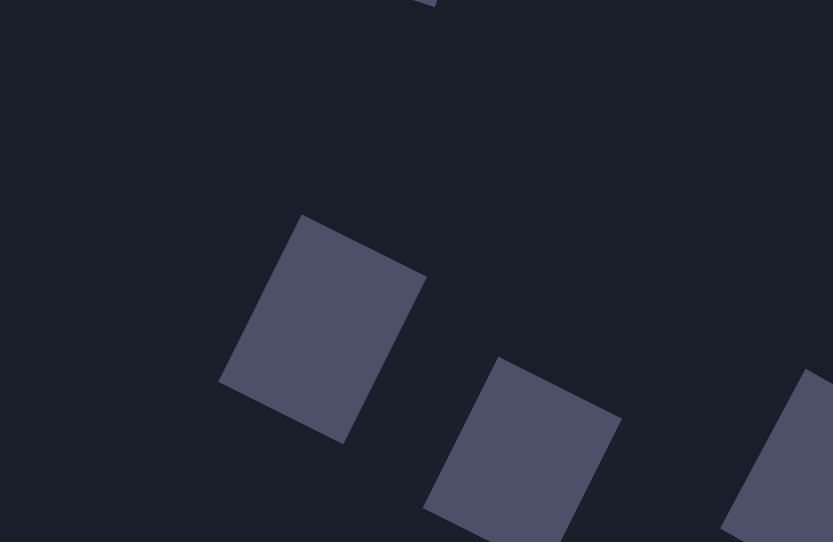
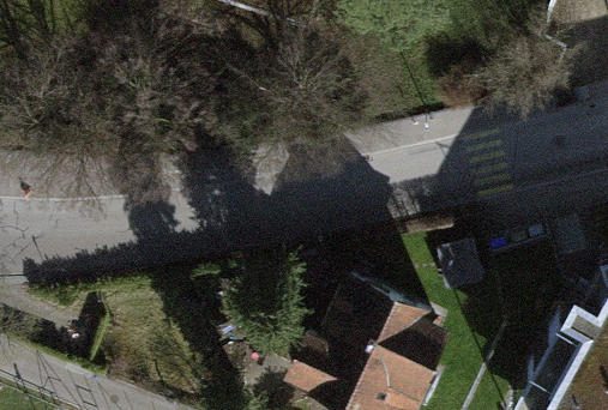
building: [217,214,428,445] -> none

